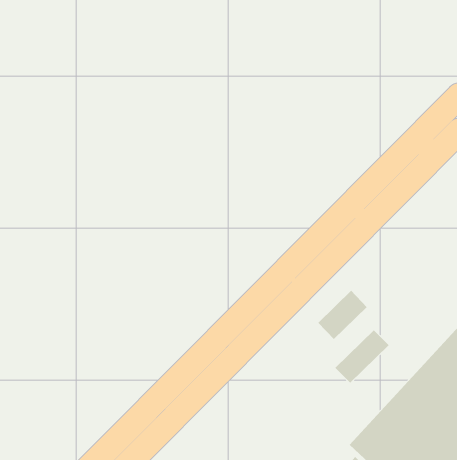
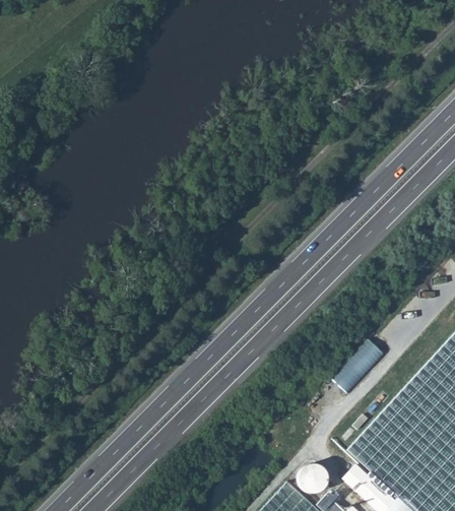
building: [317,290,368,340] -> none

